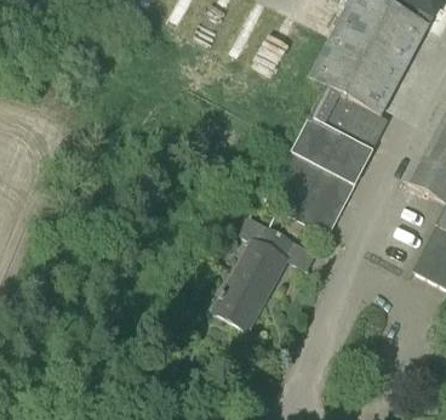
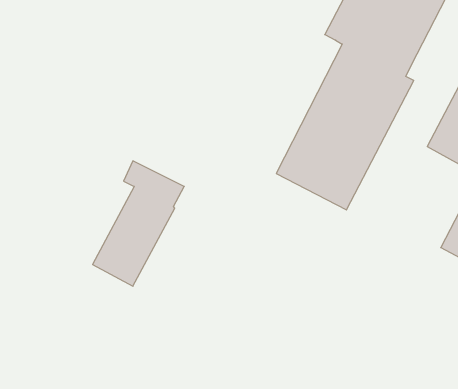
building: [215,212,297,325] -> [93,161,184,286]

